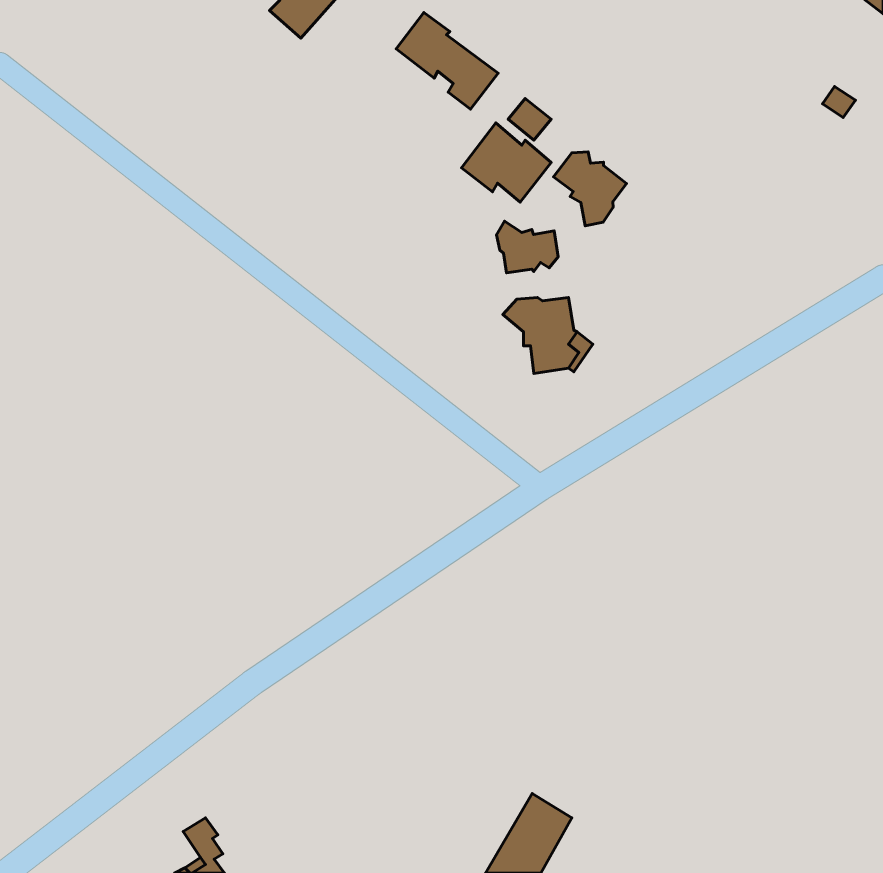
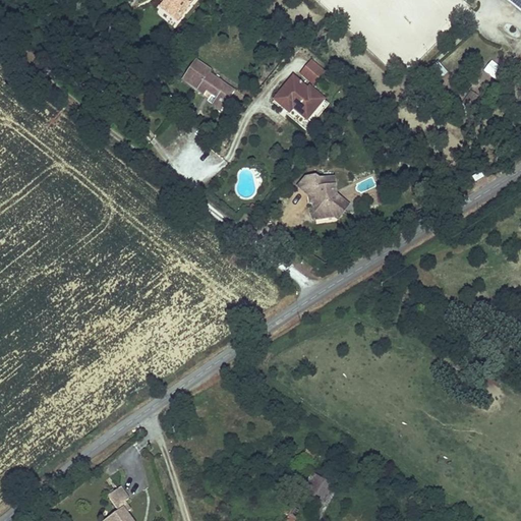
building: [396,13,498,109] -> [181,56,241,113]
building: [553,152,626,226] -> none
building: [496,221,558,273] -> none

